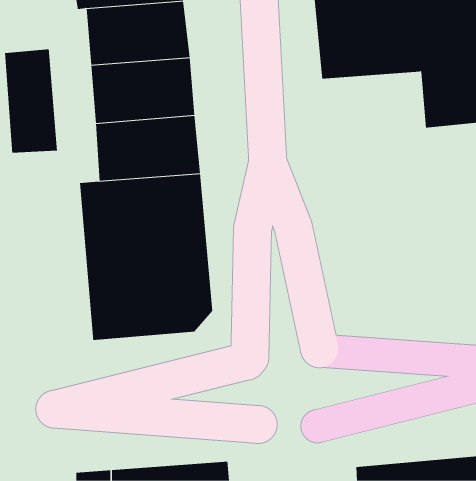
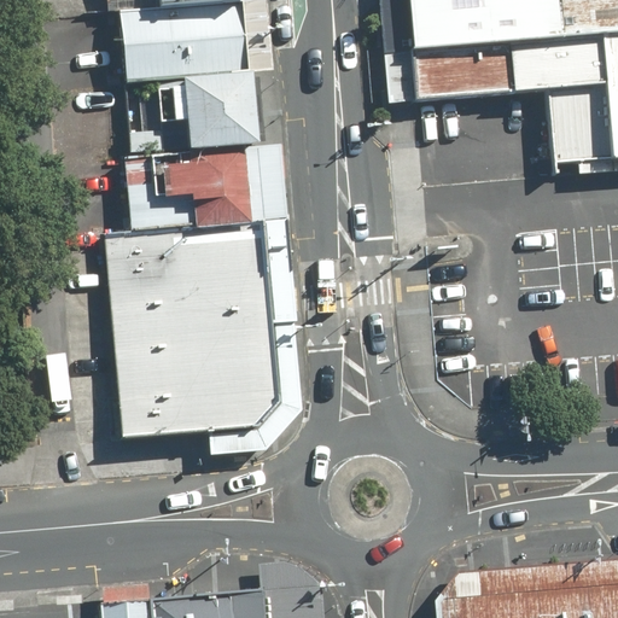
building: [5,48,57,153] -> none

